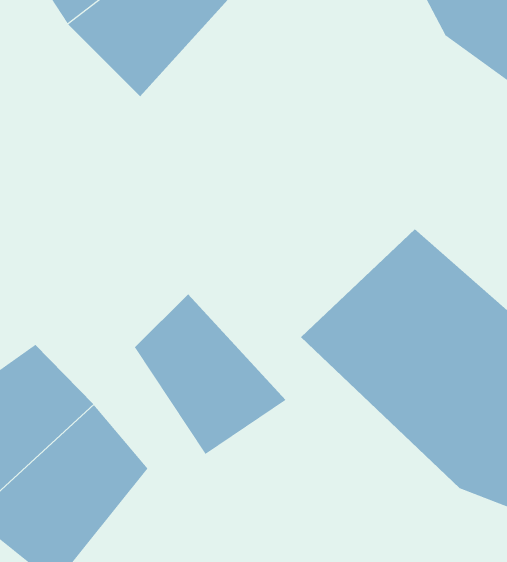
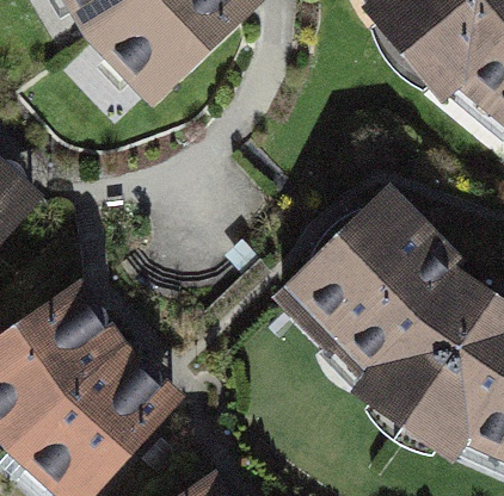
building: [134,293,286,455] -> none

